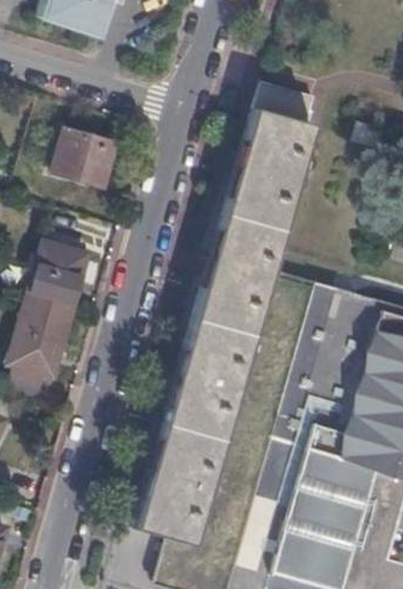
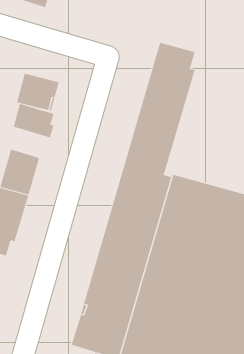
building: none -> [13,103,54,138]

